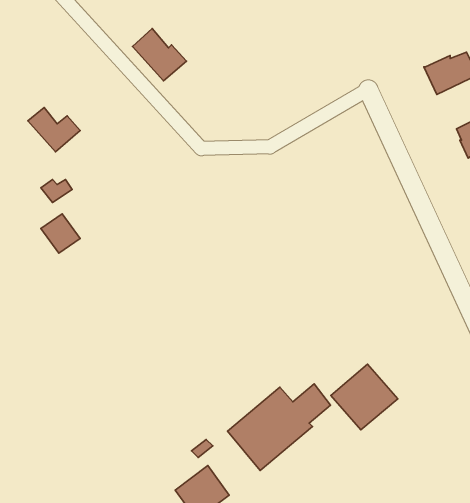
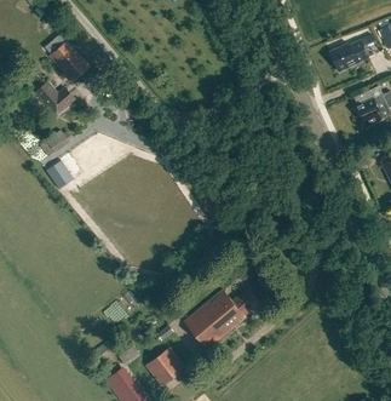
building: [132,28,186,81] -> [50,44,90,82]
building: [331,364,398,430] -> none

